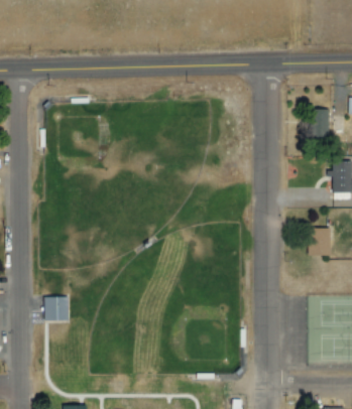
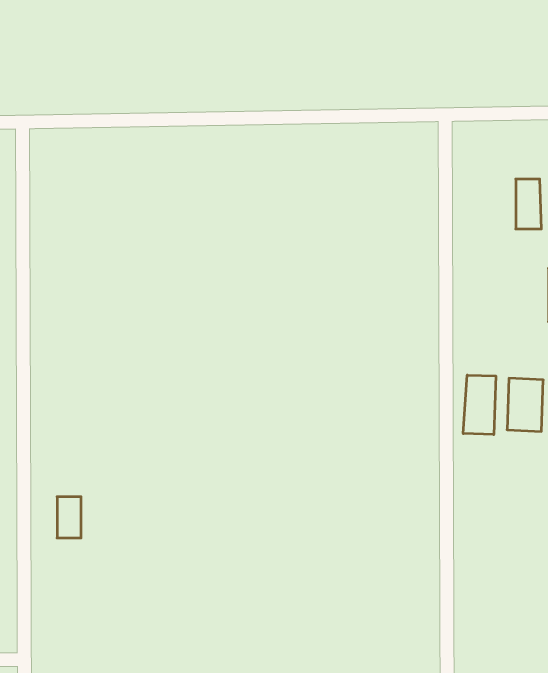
building: none -> [463,375,496,435]

